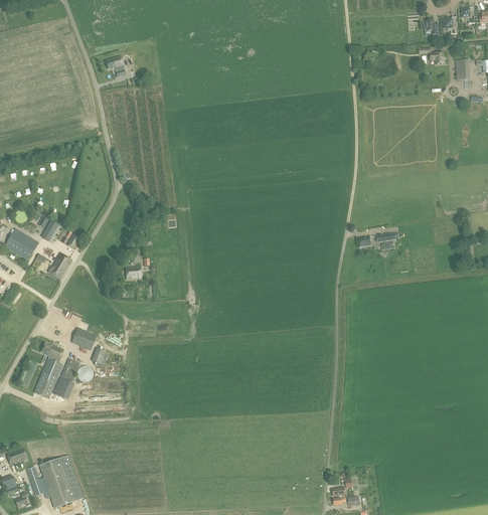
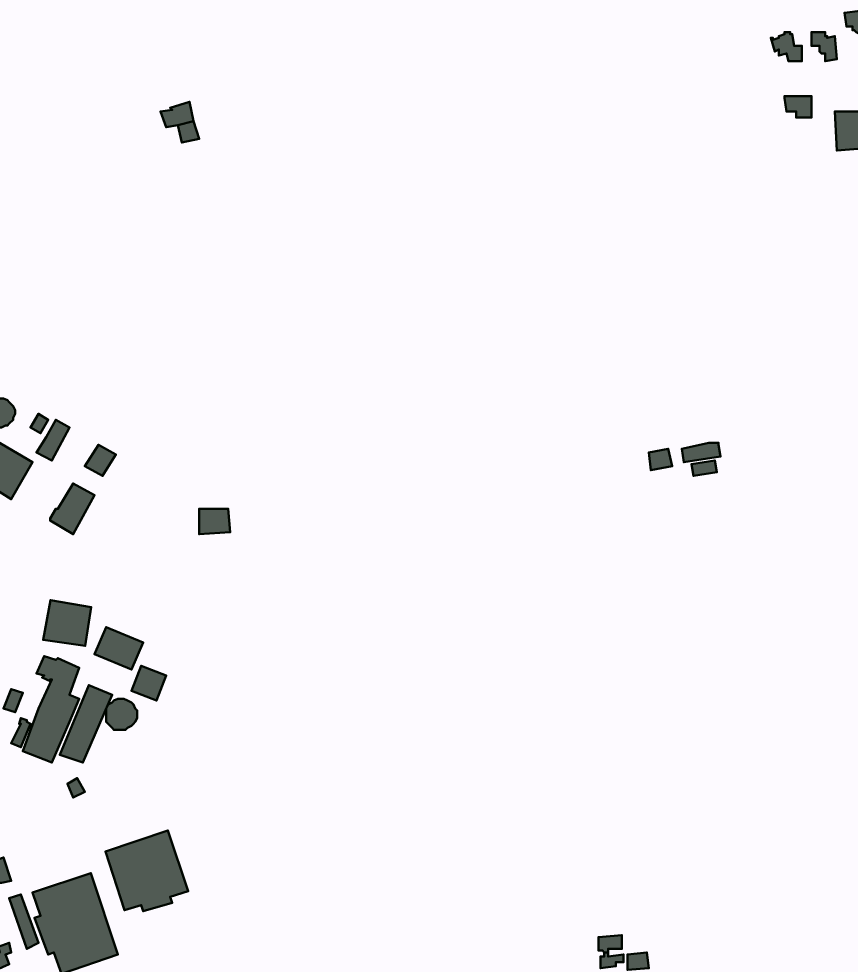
building: none -> [43,600,91,646]
building: none -> [106,831,188,911]

